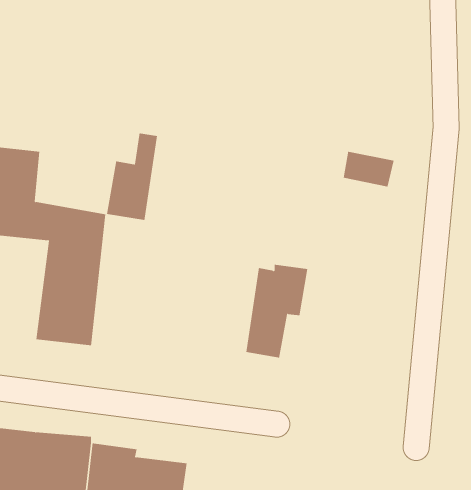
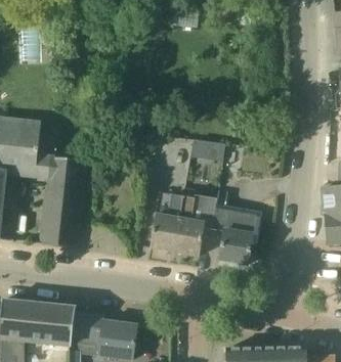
building: [106,133,158,220] -> [150,194,183,252]
building: [343,151,395,187] -> [193,138,226,162]
building: none -> [211,208,255,266]

